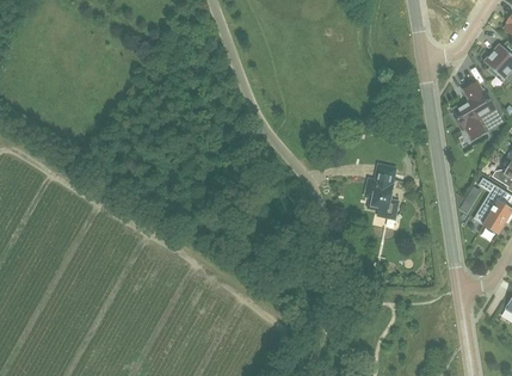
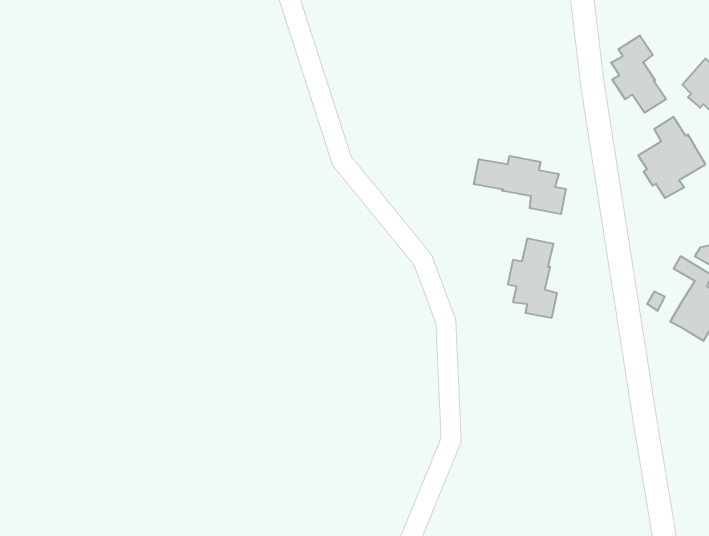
building: none -> [611,35,666,113]
building: none -> [474,156,566,214]

